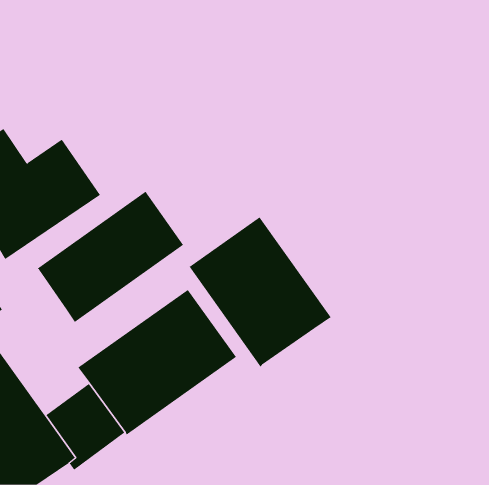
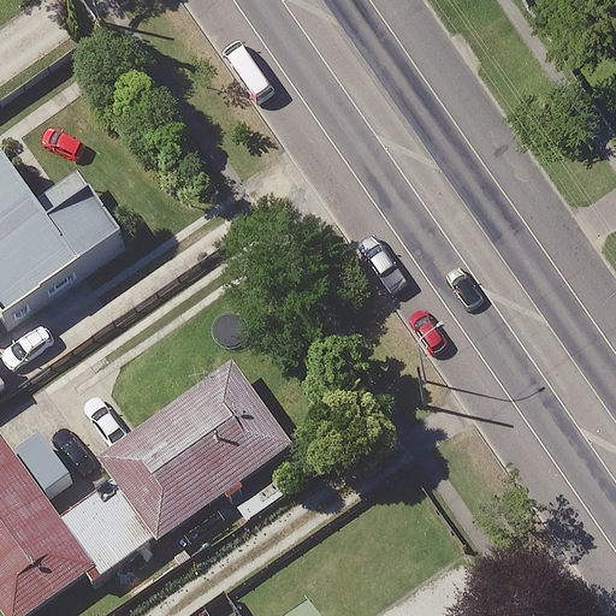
building: [37,191,184,323] -> none
building: [189,216,331,368] -> none

